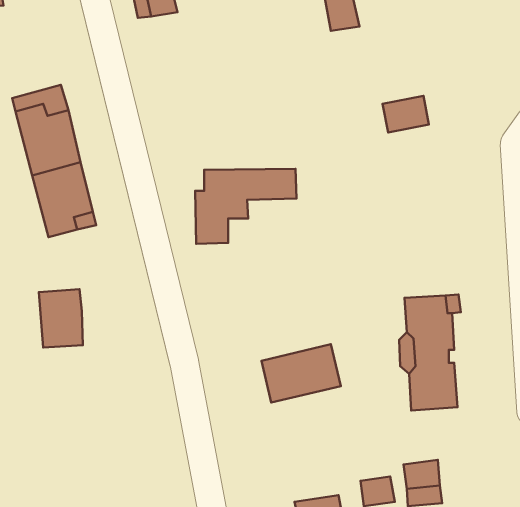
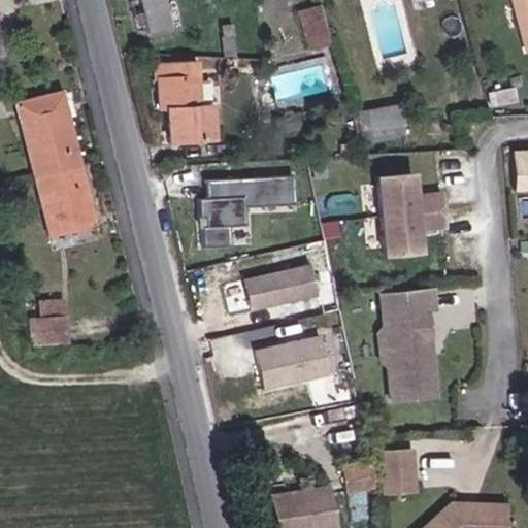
building: none -> [148,63,212,145]
building: none -> [383,172,450,255]
building: none -> [235,261,309,308]

